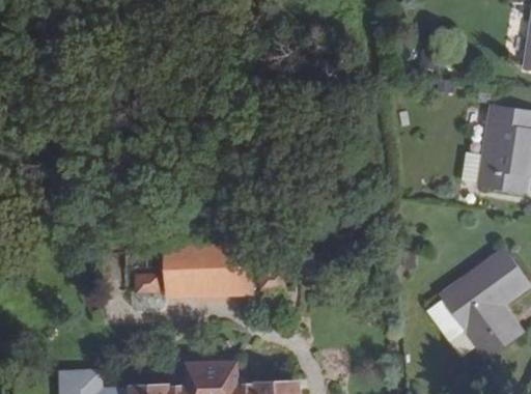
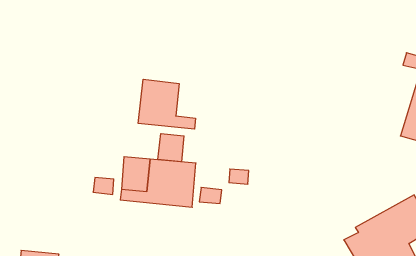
building: none -> [138,79,195,129]
building: none -> [158,134,184,162]

